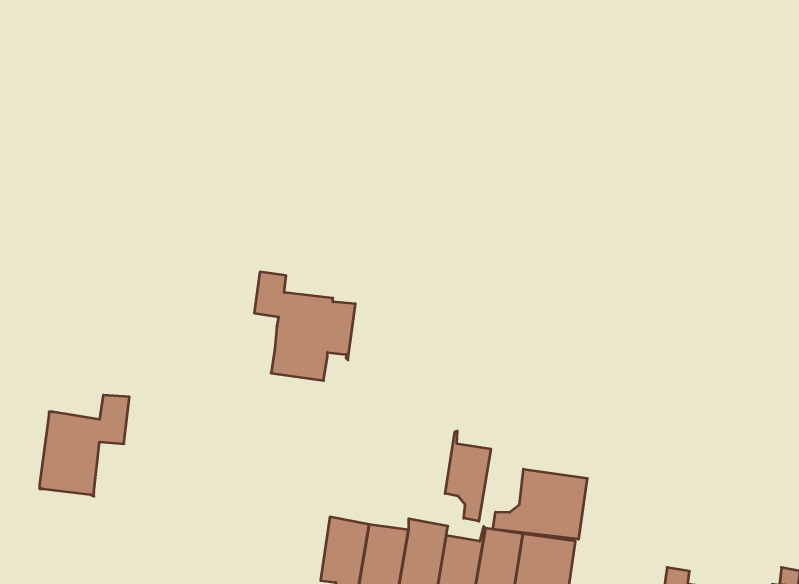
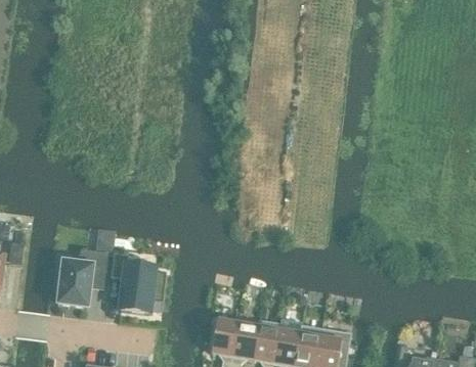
building: [254,272,355,381] -> [111,253,166,312]
building: [445,431,491,521] -> none
building: [493,469,587,539] -> none

